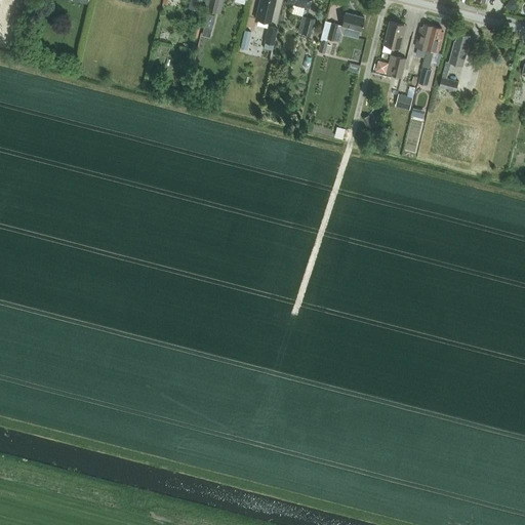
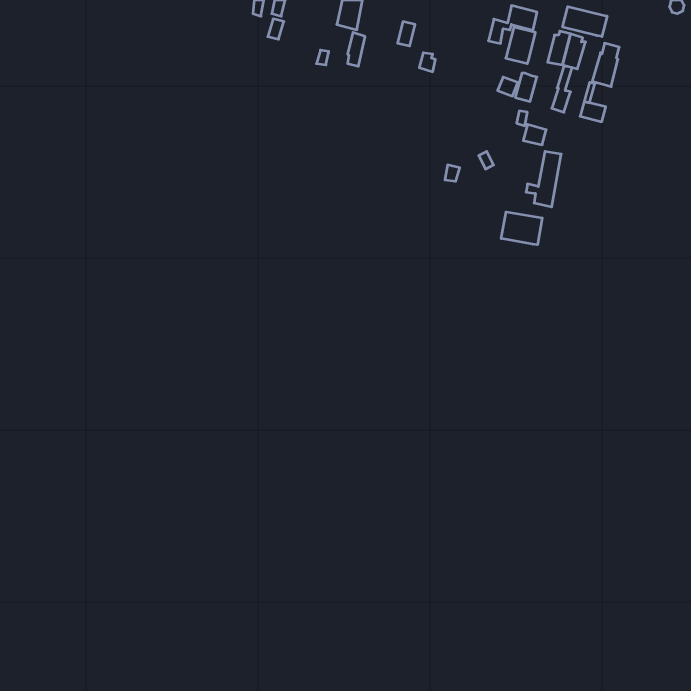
building: none -> [563,7,607,37]
building: [327,12,364,41] -> [488,6,537,43]
building: none -> [501,212,542,245]

